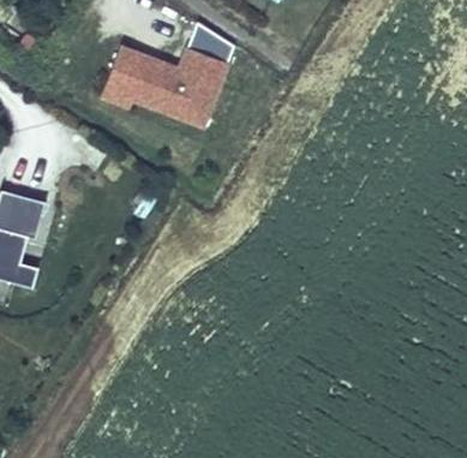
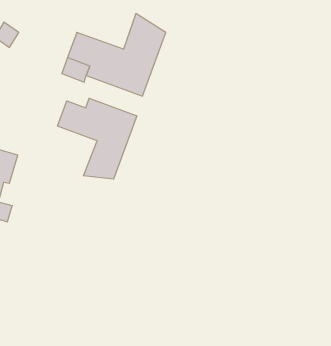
building: none -> [58,98,137,179]

